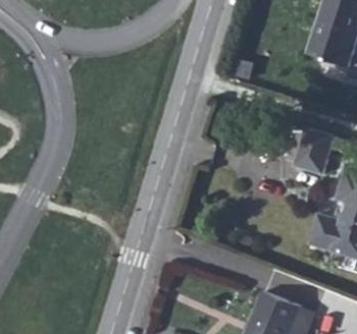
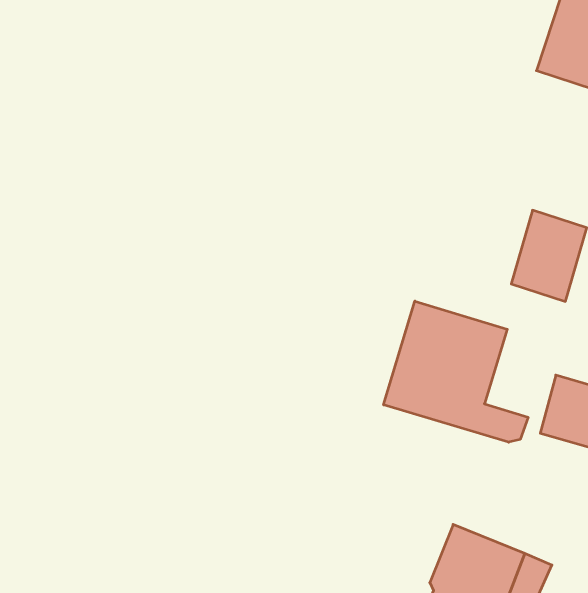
building: none -> [384,301,528,442]

